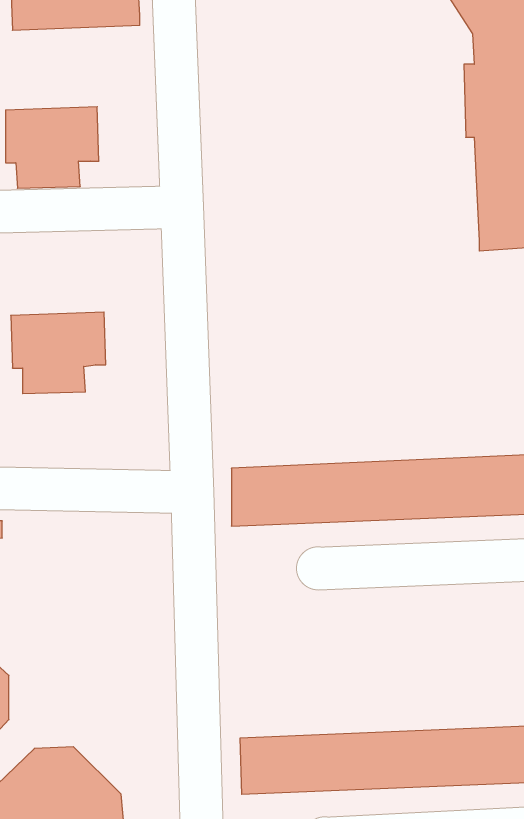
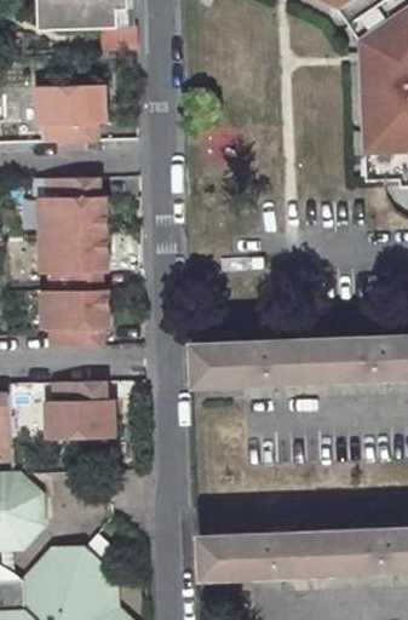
building: none -> [40,177,107,235]
building: none -> [41,288,109,346]
building: none -> [46,379,114,437]

